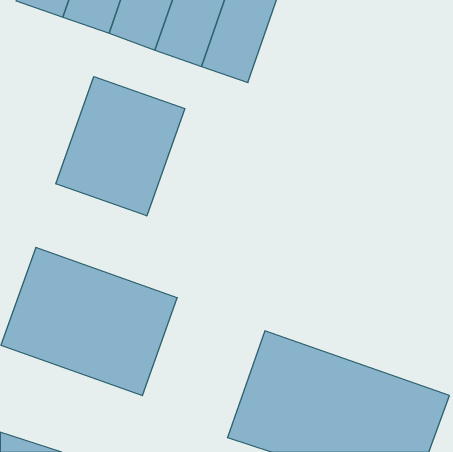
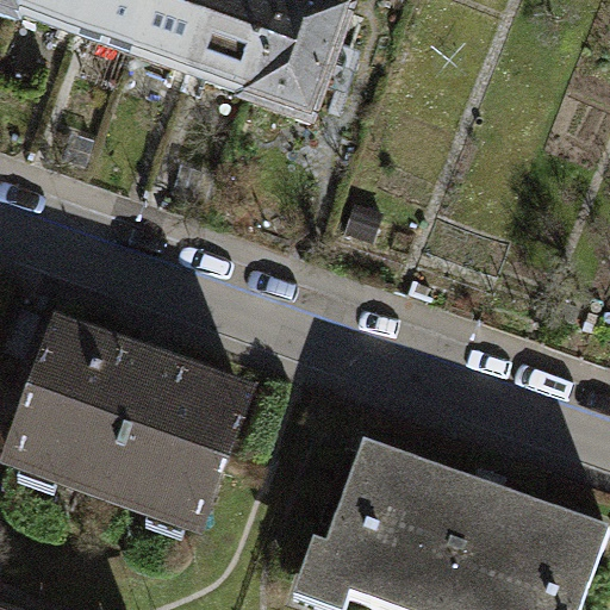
building: [56,77,185,216] -> none

